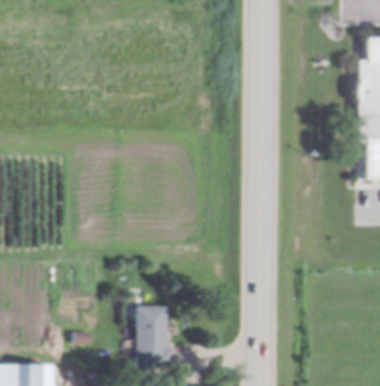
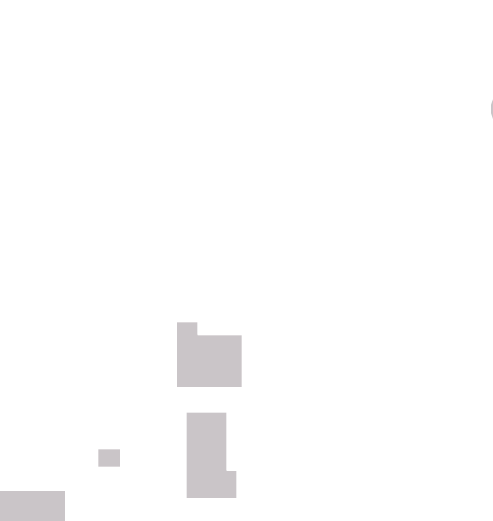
building: none -> [176,322,242,388]

